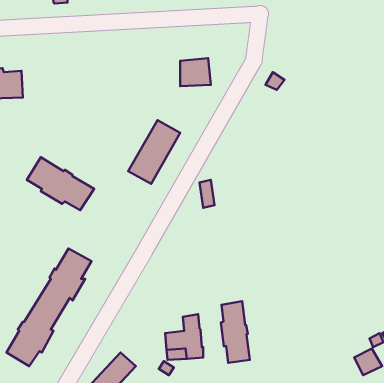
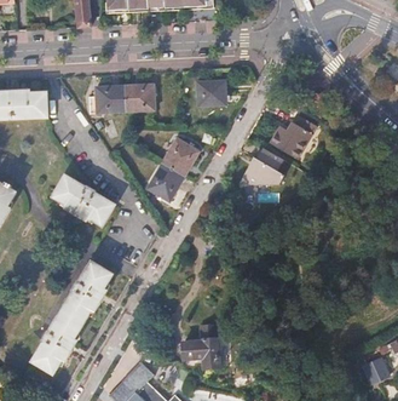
building: none -> [88,85,154,113]
building: none -> [270,114,316,159]
building: none -> [237,148,290,183]
building: [221,301,250,363] -> none

